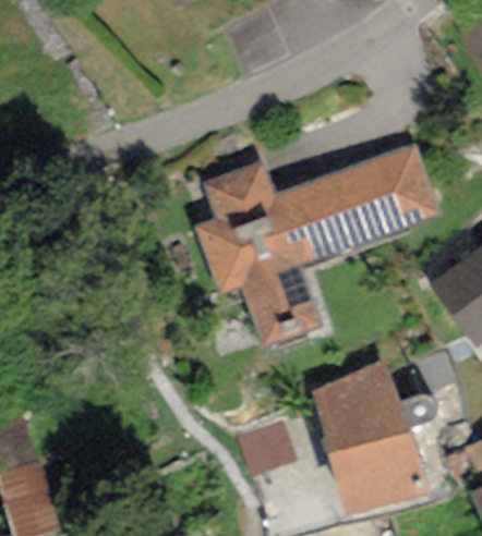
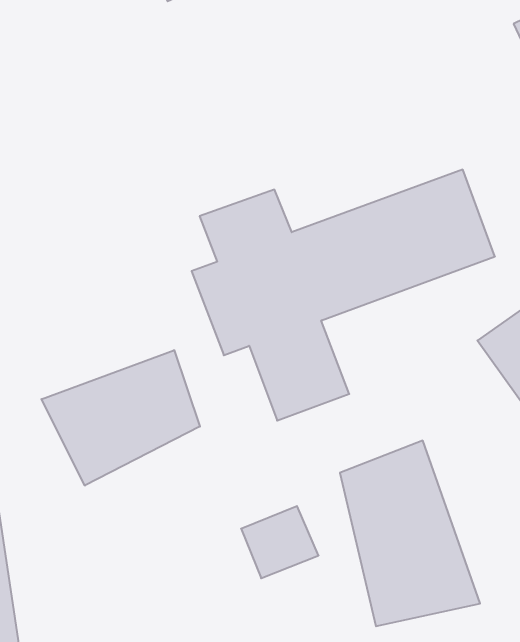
building: none -> [41,350,200,486]

